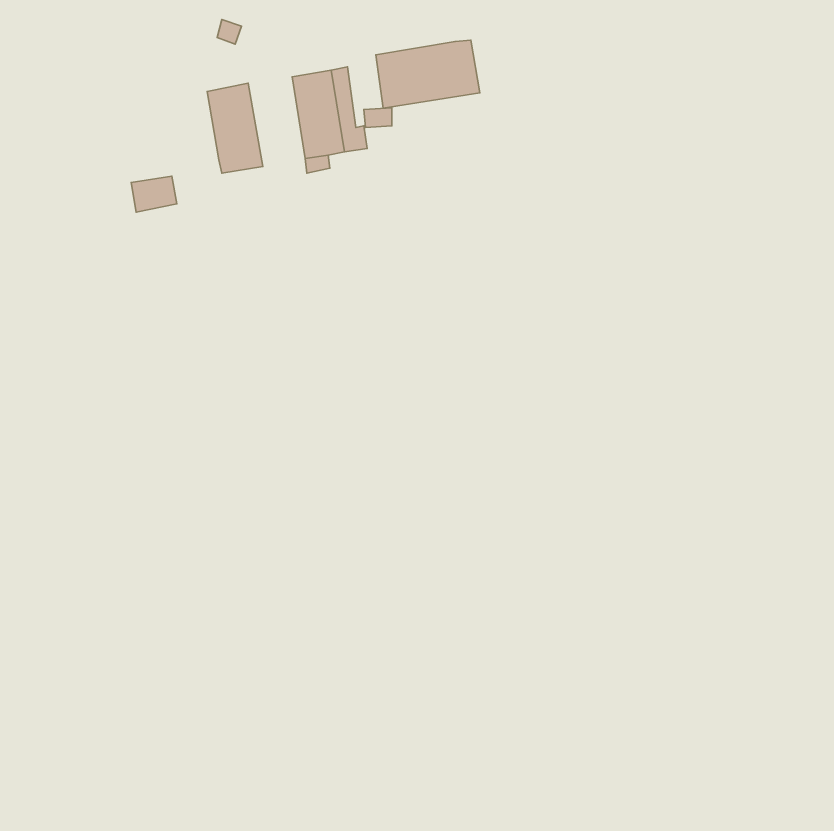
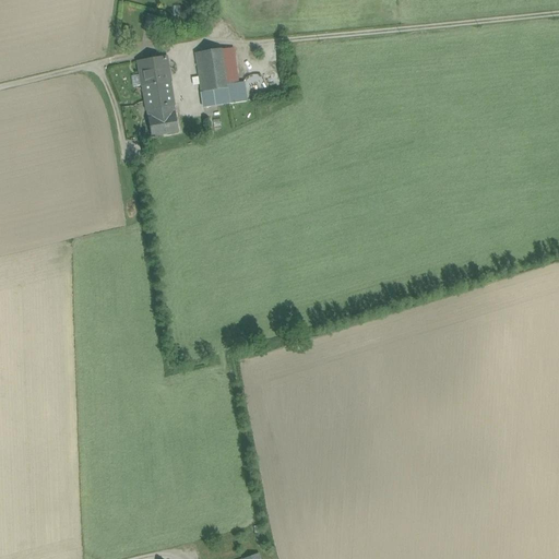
building: [376,40,480,108] -> none
building: [131,176,177,212] -> [148,111,179,135]

